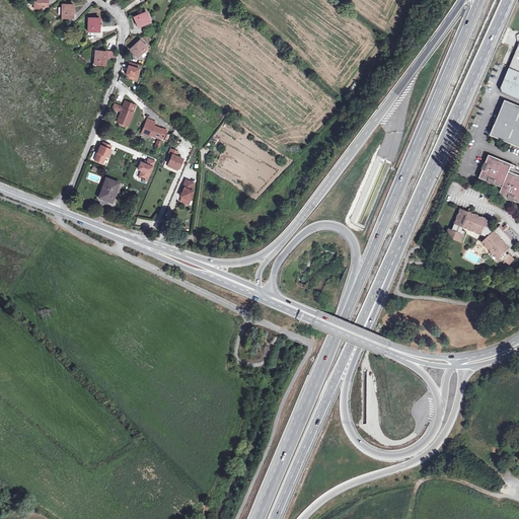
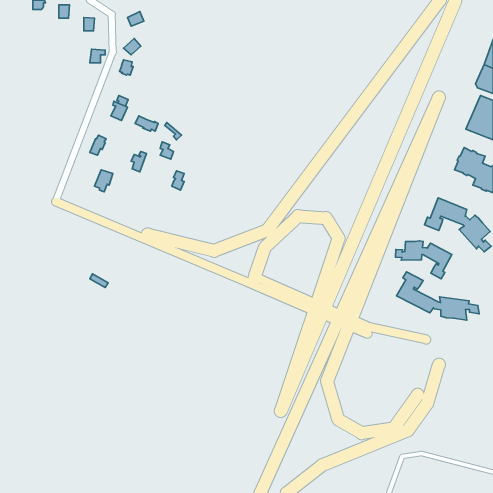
building: none -> [396,241,452,279]
building: none -> [396,272,479,320]

